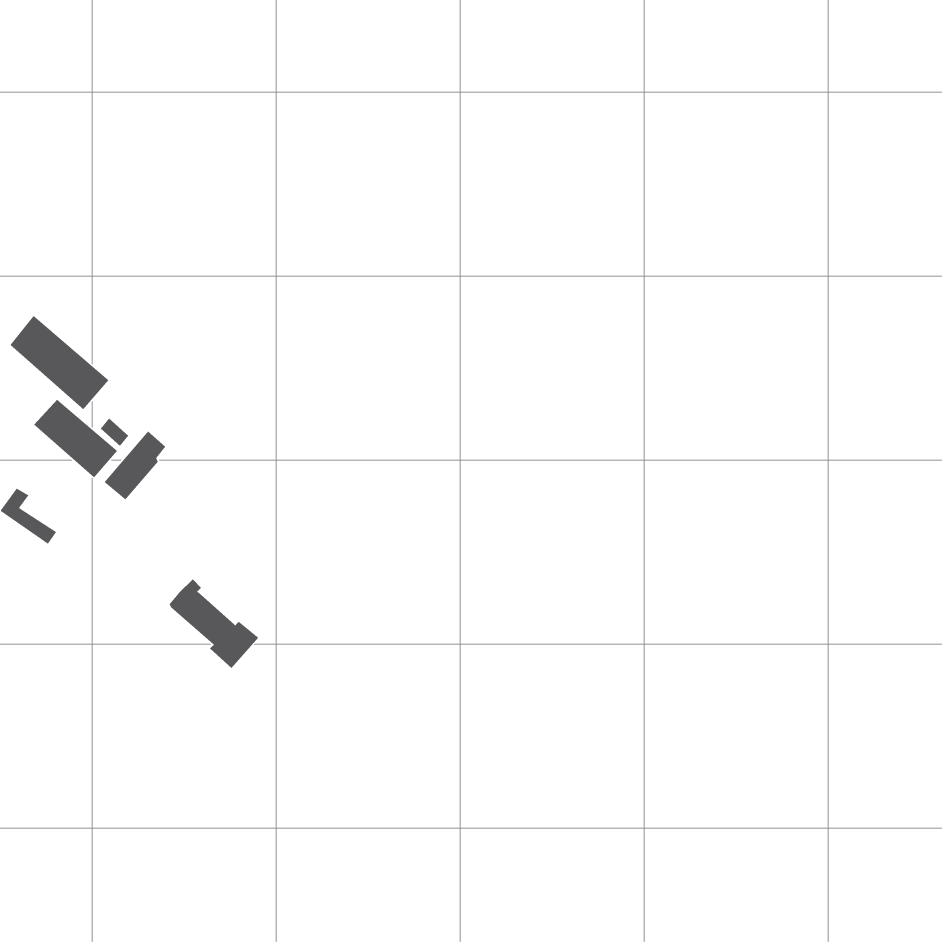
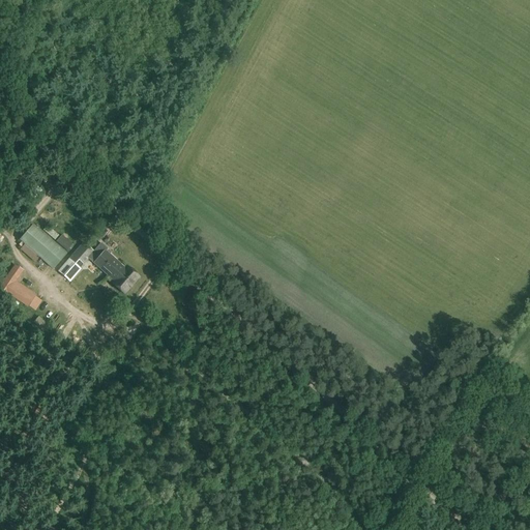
building: [10,315,109,410] -> none
building: [169,578,259,669] -> [89,242,140,293]

